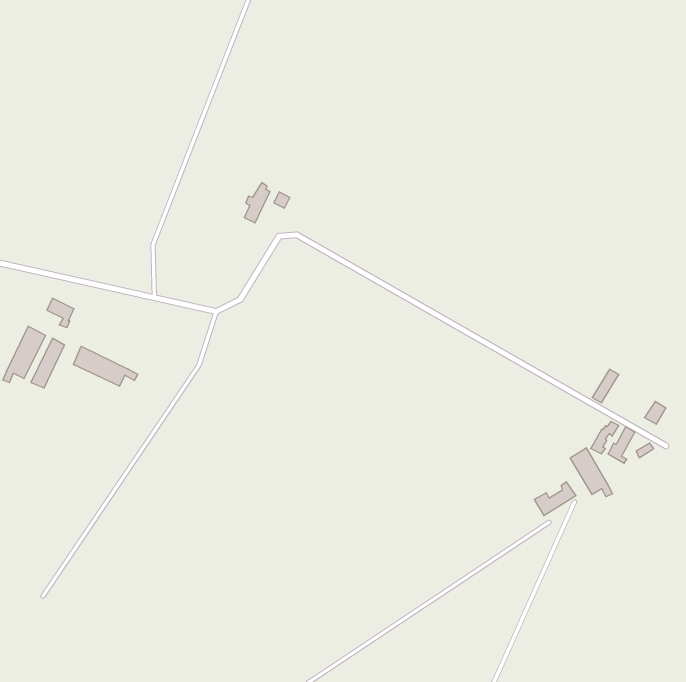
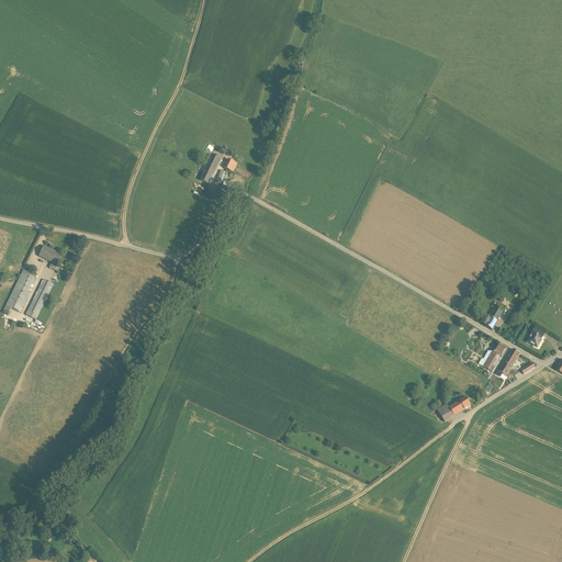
building: [73,346,138,386] -> none
building: [570,448,612,497] -> none

